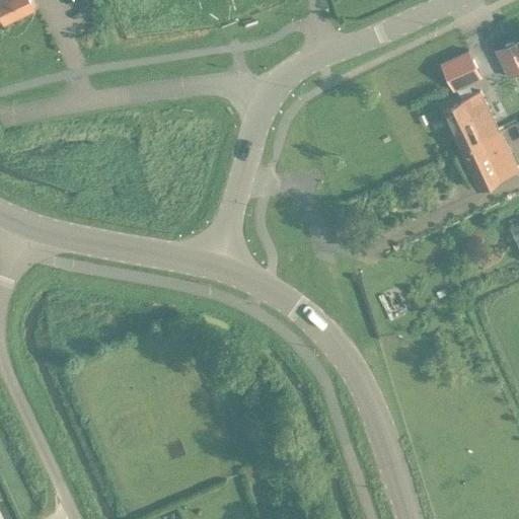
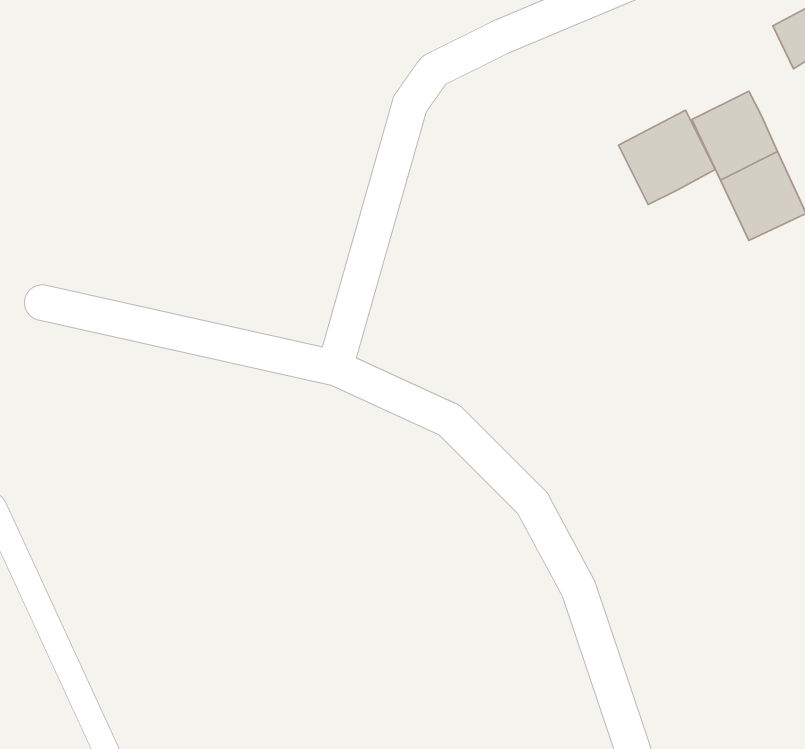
building: [442,53,483,93] -> none
building: none -> [619,110,715,205]

